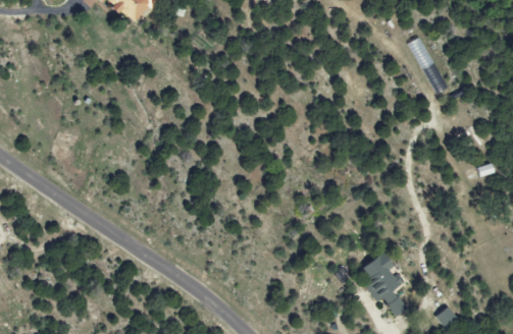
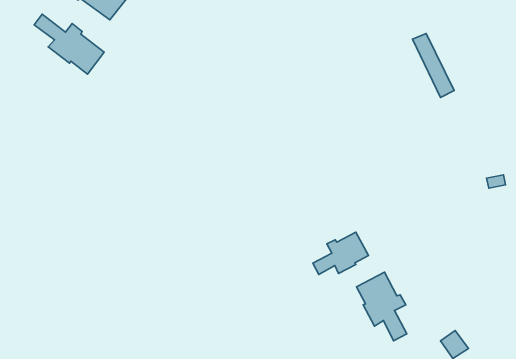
building: none -> [34,14,104,74]
building: none -> [313,232,368,274]

